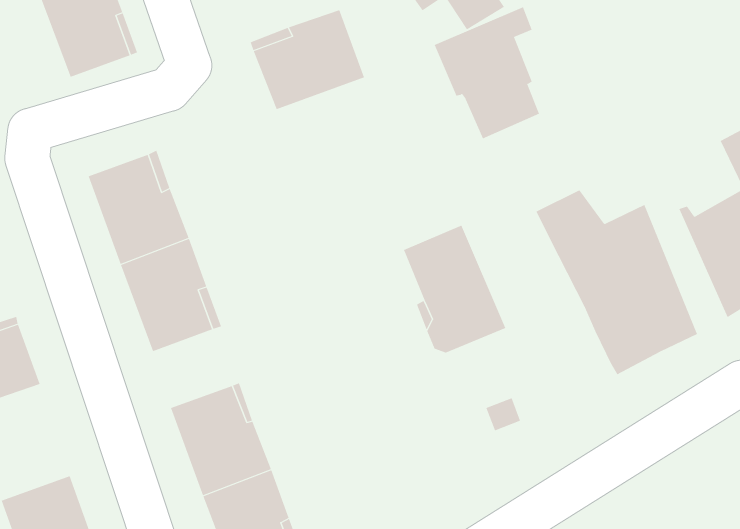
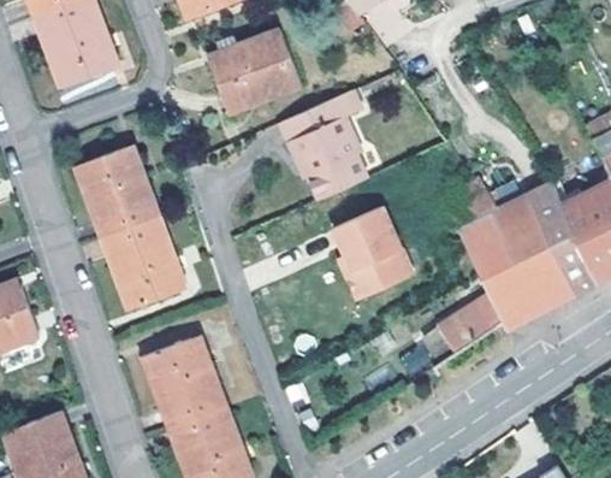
building: [434,6,540,139] -> [279,90,366,199]
building: none -> [530,179,598,295]
building: none -> [422,293,503,364]

